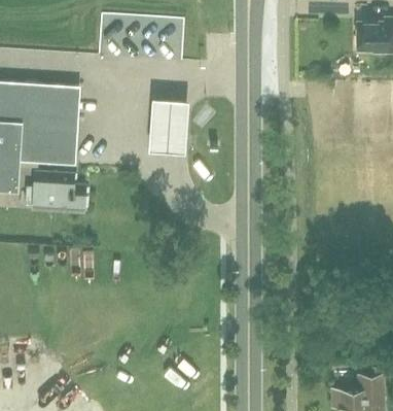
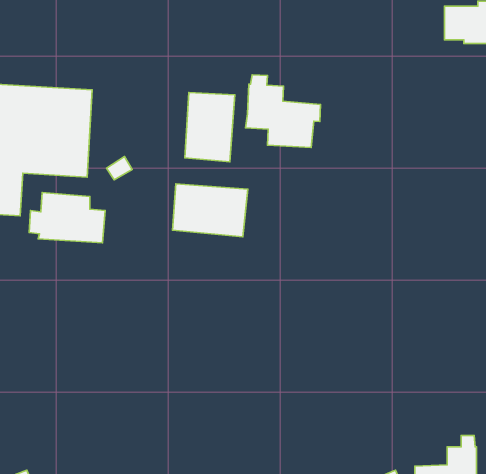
building: none -> [246,75,321,148]
building: none -> [173,184,248,237]

